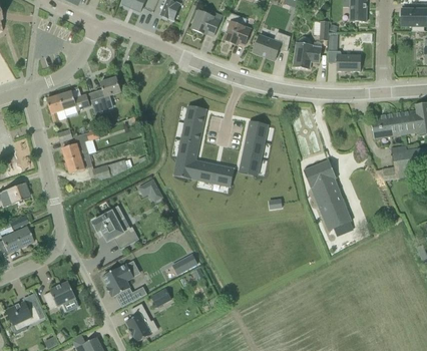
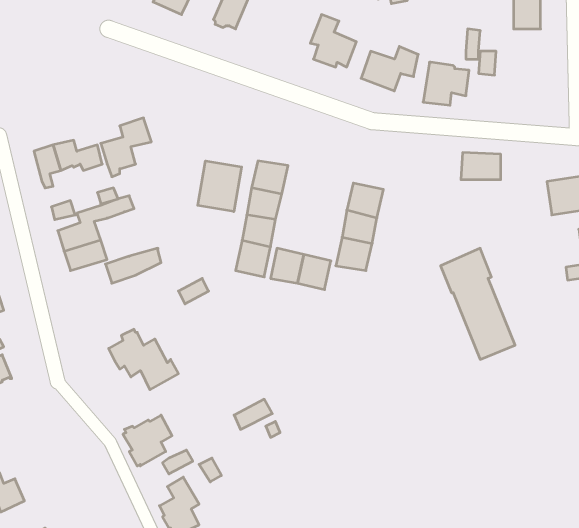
building: [191,10,222,36] -> none
building: [336,54,361,71] -> [461,153,501,180]
building: none -> [198,161,242,212]
building: [44,281,76,309] -> none

